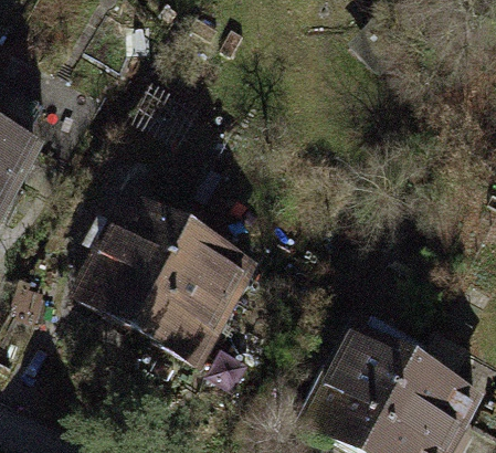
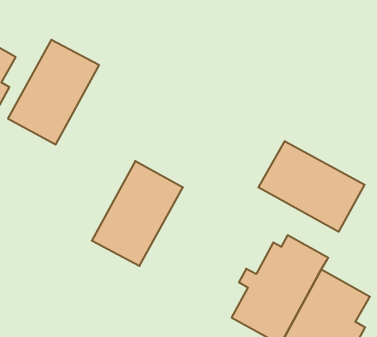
building: [76,201,188,329] -> [8,40,99,145]
building: none -> [258,141,365,232]

